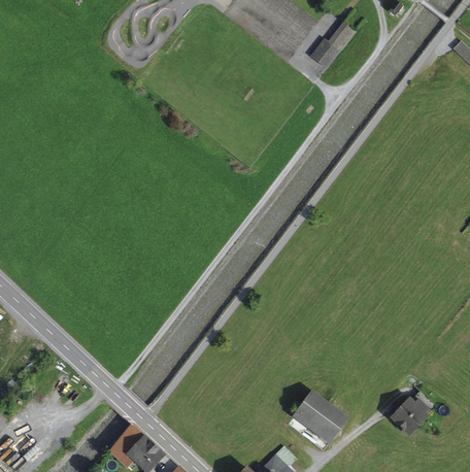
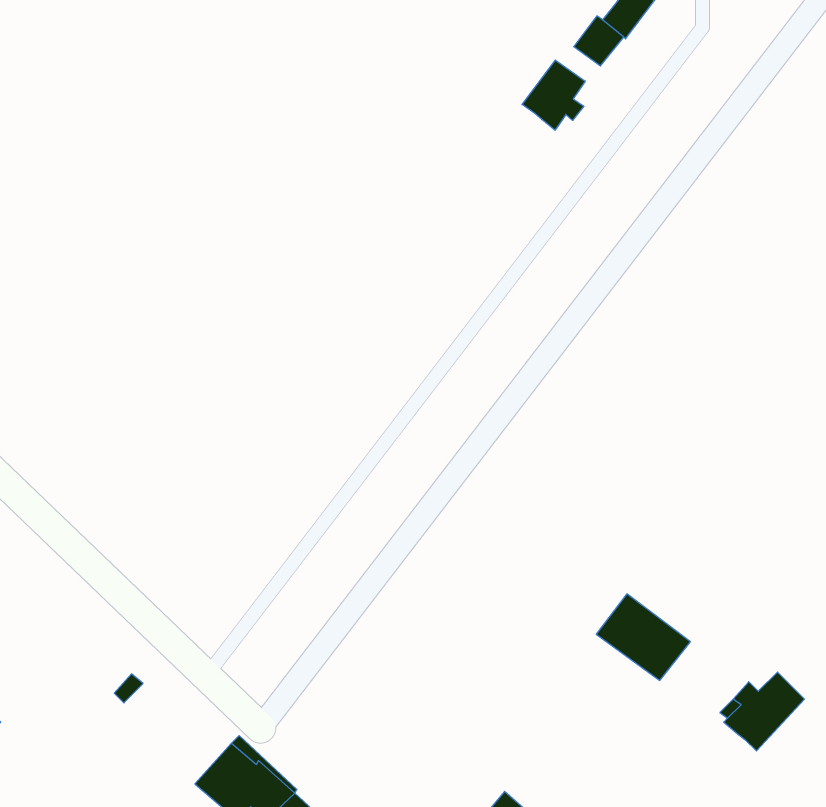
building: none -> [522,60,585,130]
building: [296,393,346,439] -> [596,594,690,680]

